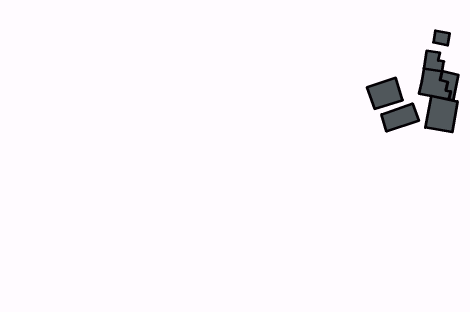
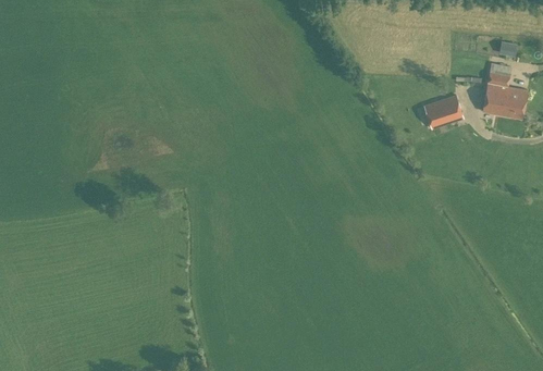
building: [425,96,457,132] -> none
building: [382,104,419,131] -> none

